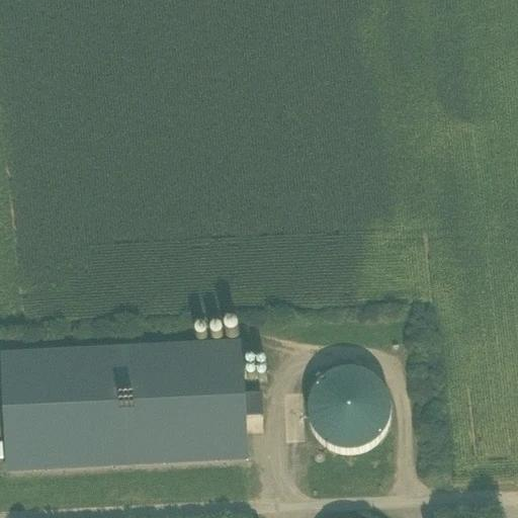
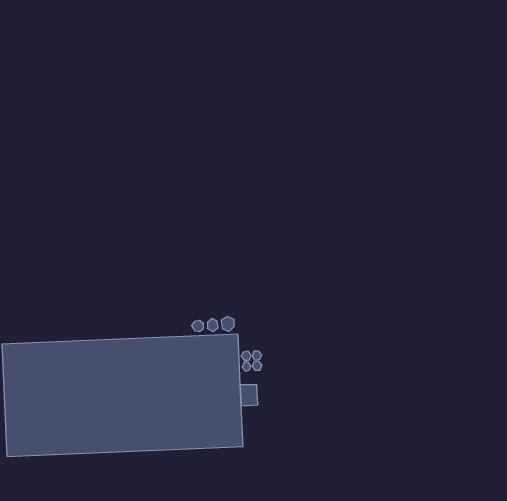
building: [308,367,391,449] -> none

